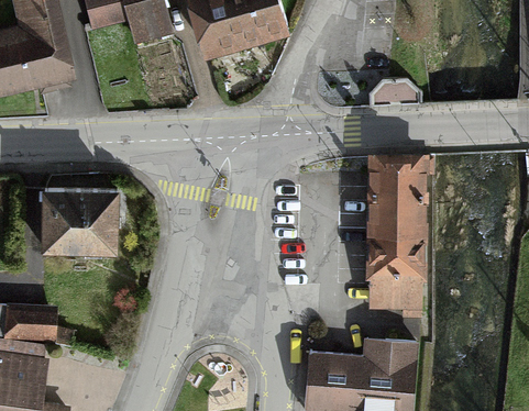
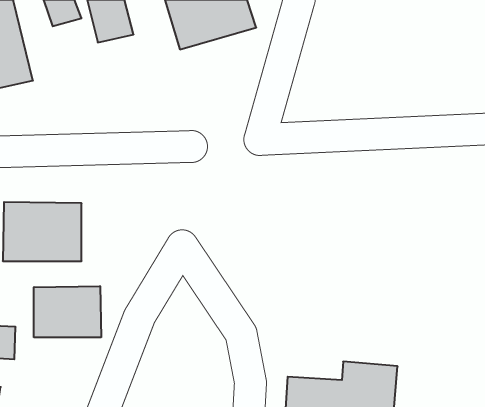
building: [373,154,423,303] -> none
building: none -> [34,286,101,337]

